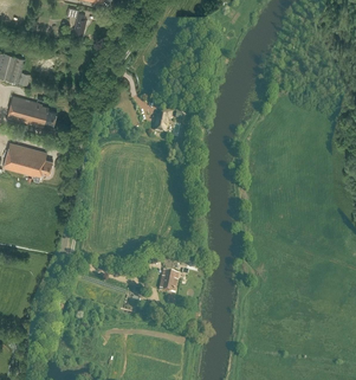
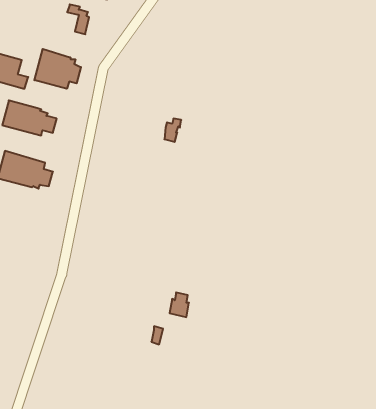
building: none -> [34,49,81,89]

